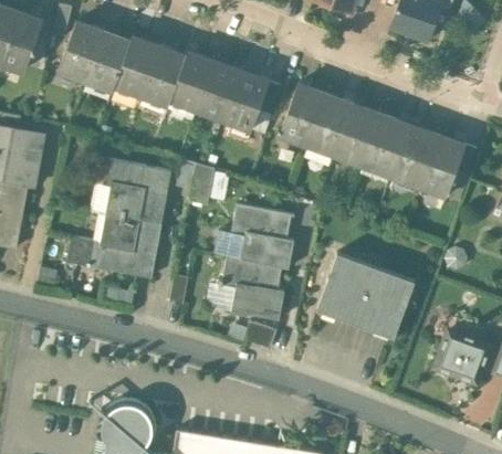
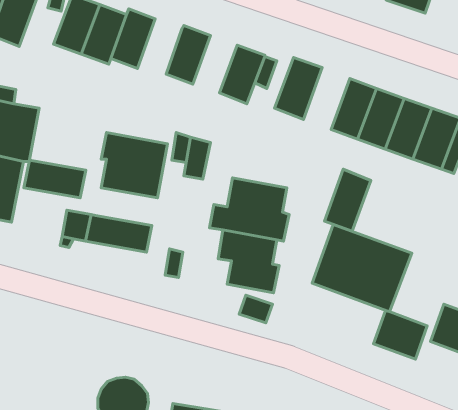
building: [142,45,186,105] -> none
building: [197,62,241,119] -> none
building: [307,94,354,156] -> [324,169,371,231]
building: [100,214,161,252] -> [24,160,86,198]
building: none -> [374,310,427,359]

